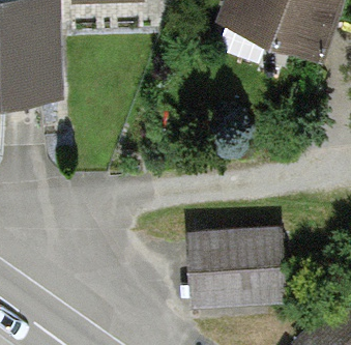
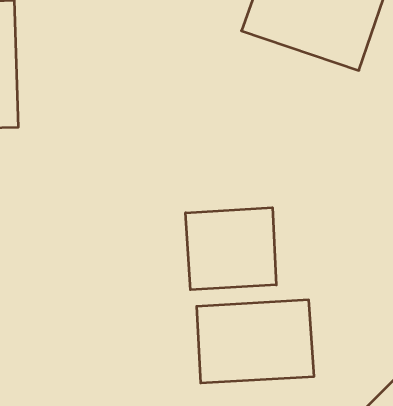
building: none -> [186,208,276,290]

